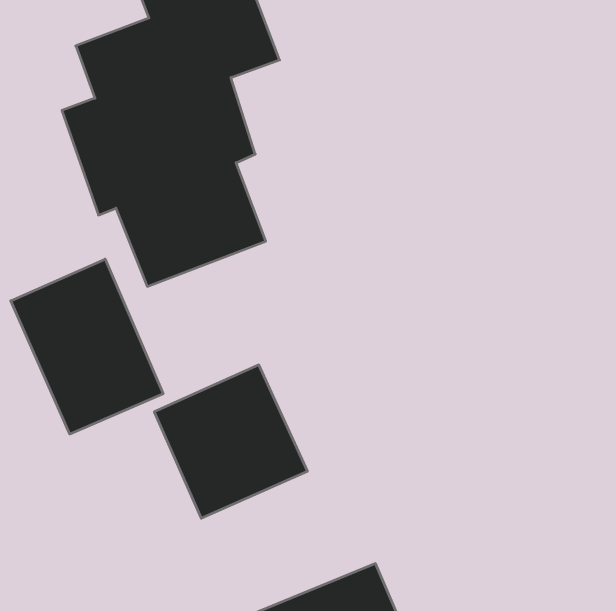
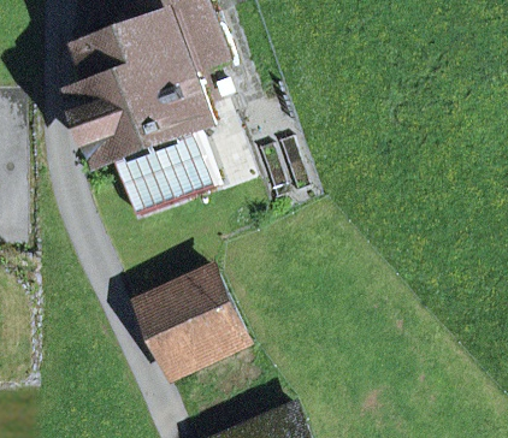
building: [11,259,163,434] -> none

